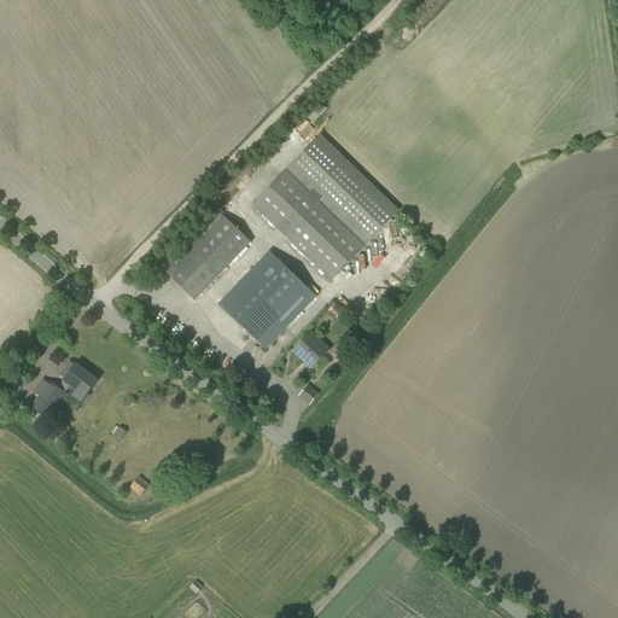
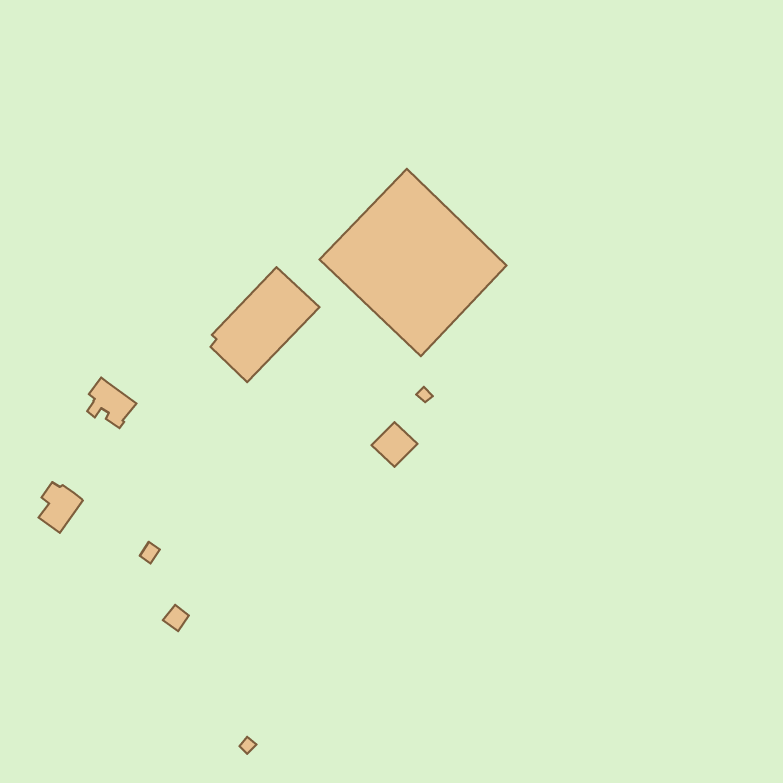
building: [217,251,315,349] -> none
building: [58,361,97,401] -> [87,377,136,428]

